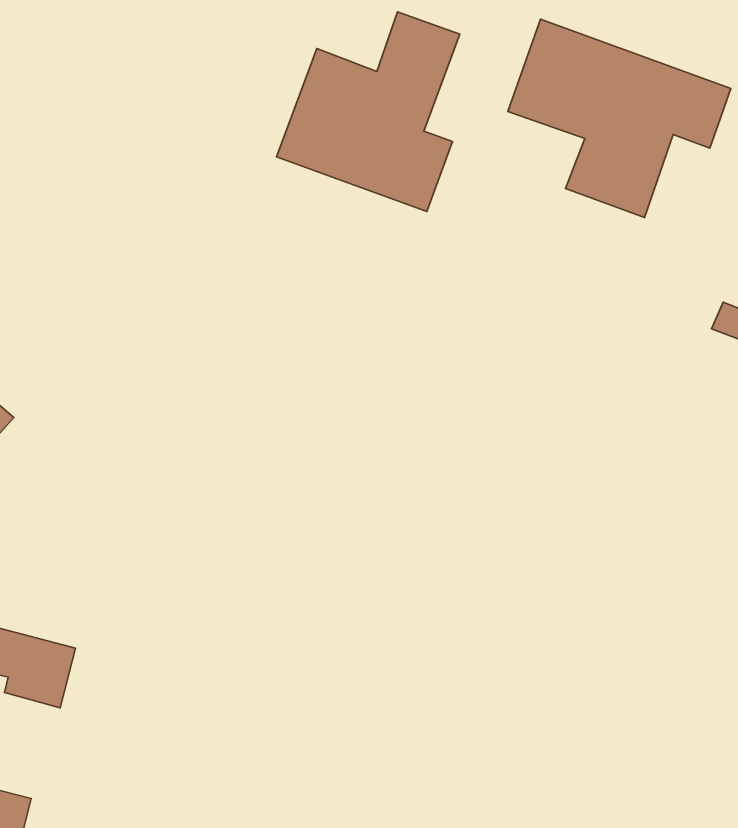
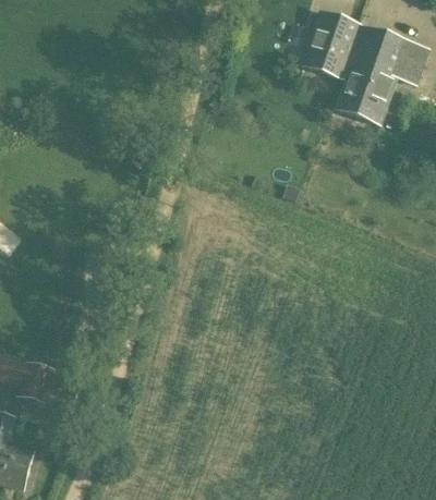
building: [277,12,460,212] -> none

